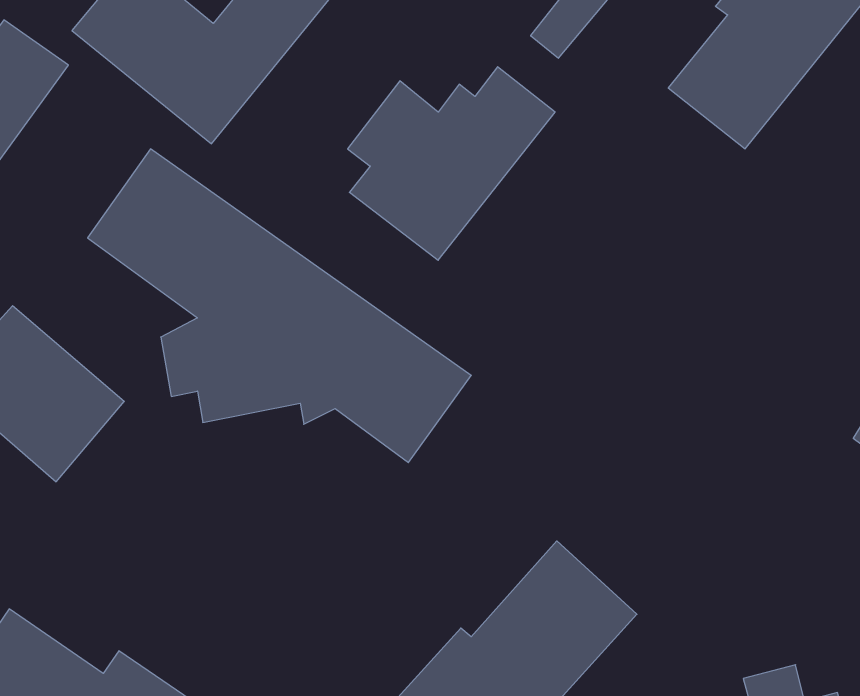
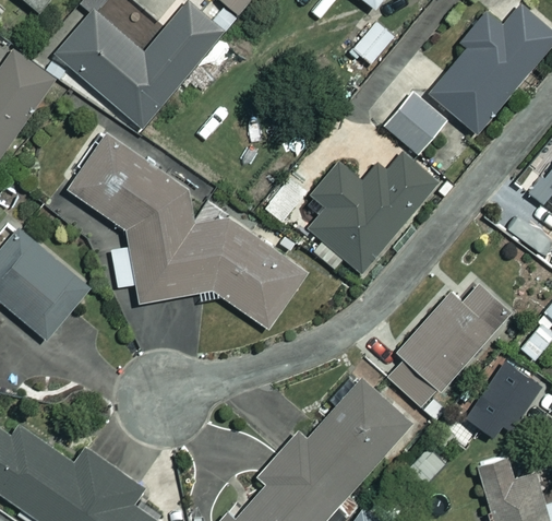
building: [348,67,555,260] -> [307,152,436,273]
building: none -> [385,95,445,154]
building: none -> [387,284,508,406]
building: none -> [472,358,540,429]

